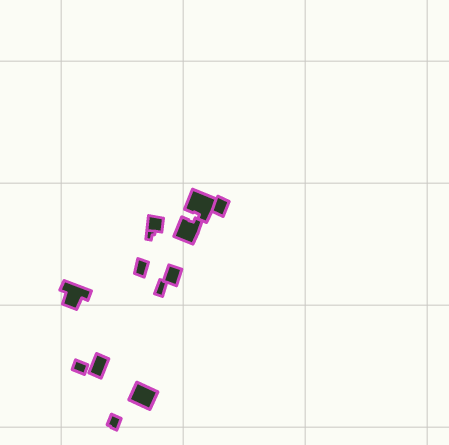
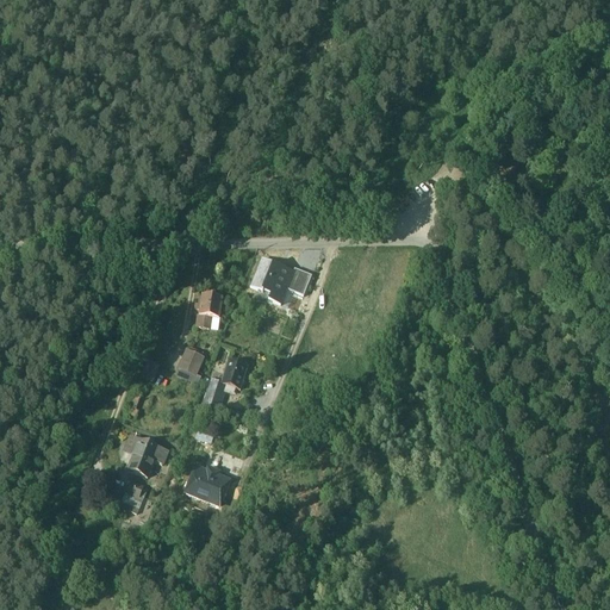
building: [174,217,202,244] -> none
building: [60,280,92,309] -> [125,436,168,475]
building: [129,382,158,410] -> [189,468,229,505]

